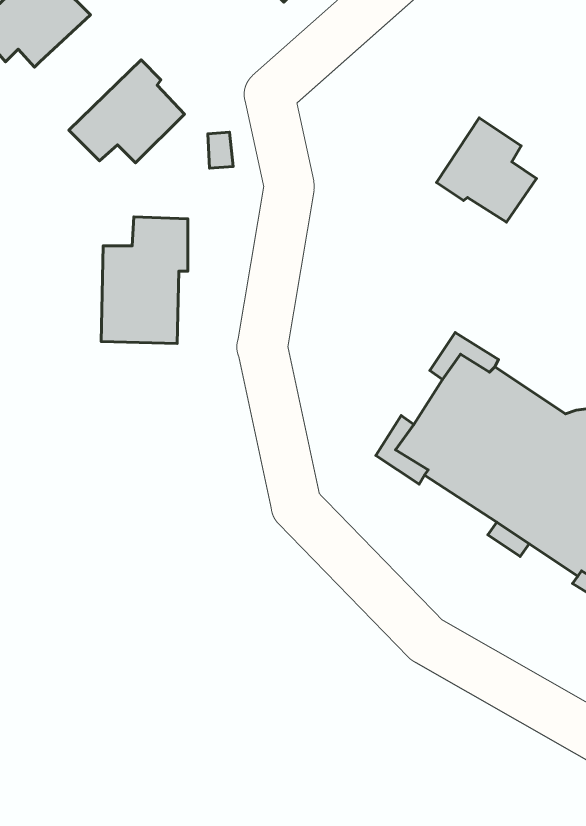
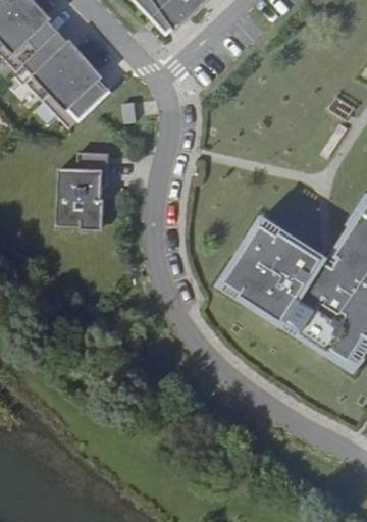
building: none -> [28,35,85,100]
building: [437,118,536,222] -> none

